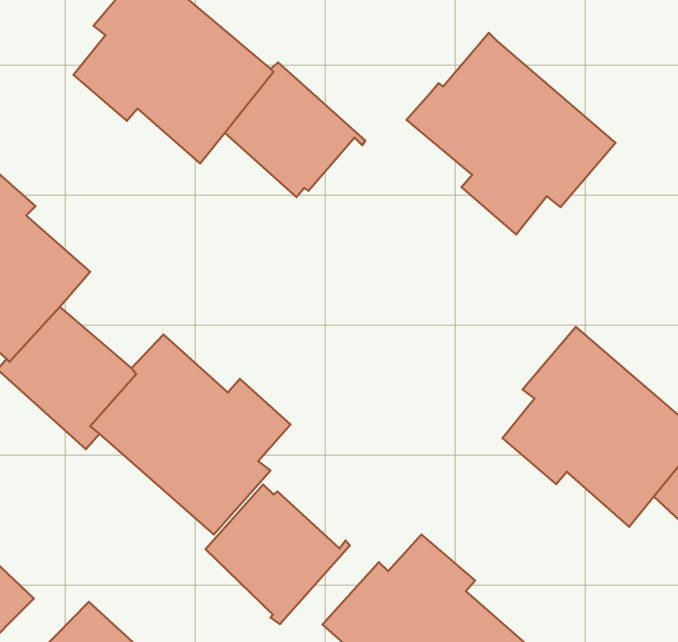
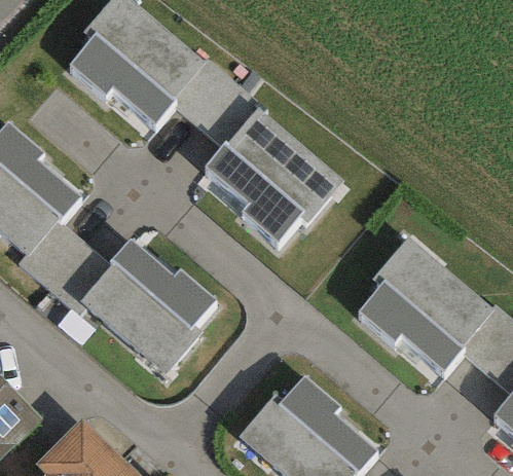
building: [406,33,616,234] -> [203,108,343,244]
building: [205,485,350,624] -> none

